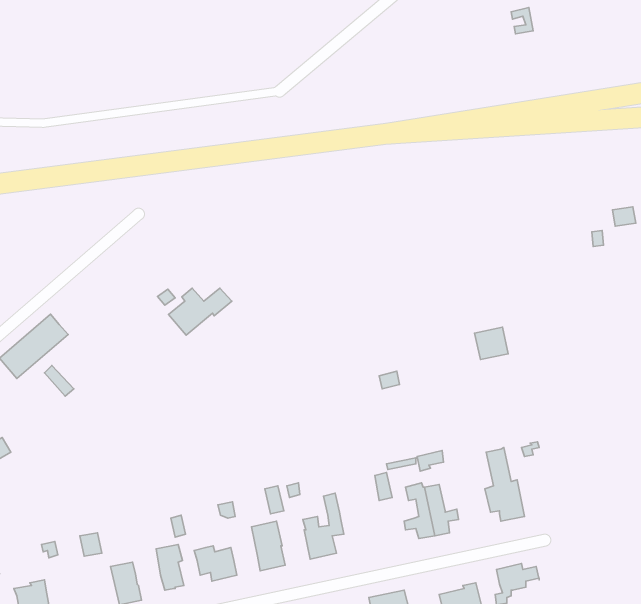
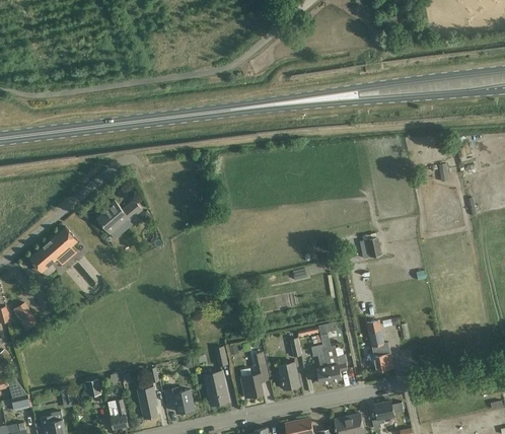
building: [169,288,232,335] -> [97,201,141,233]
building: none -> [277,362,299,389]

